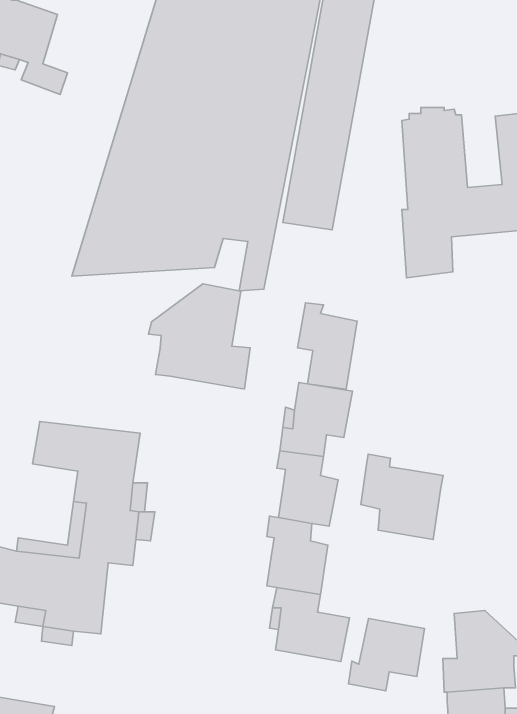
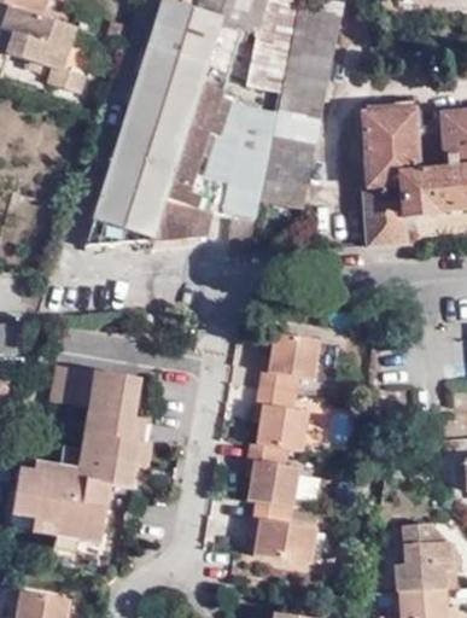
building: [148,284,250,389] -> none
building: [298,303,357,389] -> none
building: [361,454,443,539] -> none
building: [349,618,424,691] -> none

